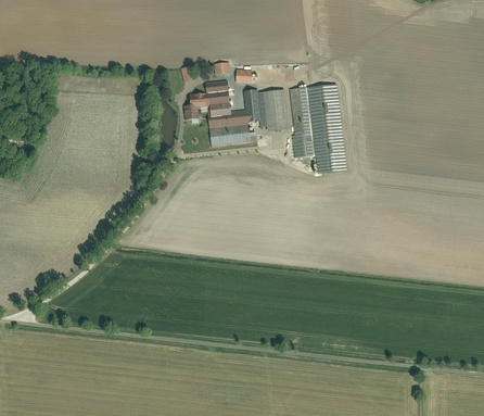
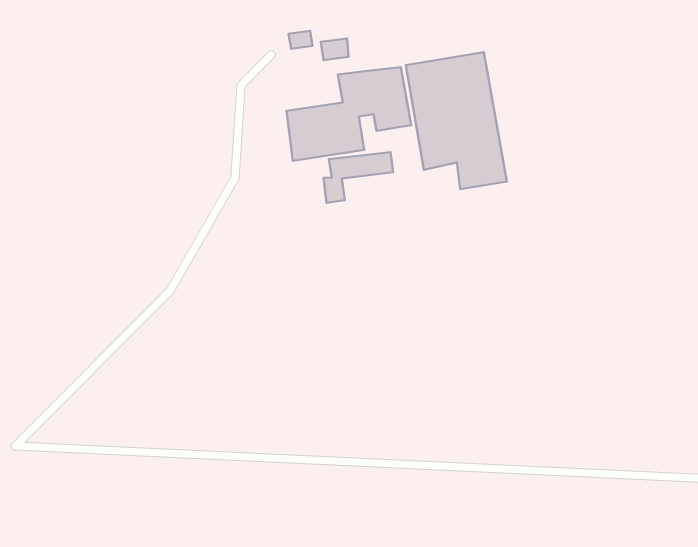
building: [183,90,229,121] -> [323,152,393,203]

